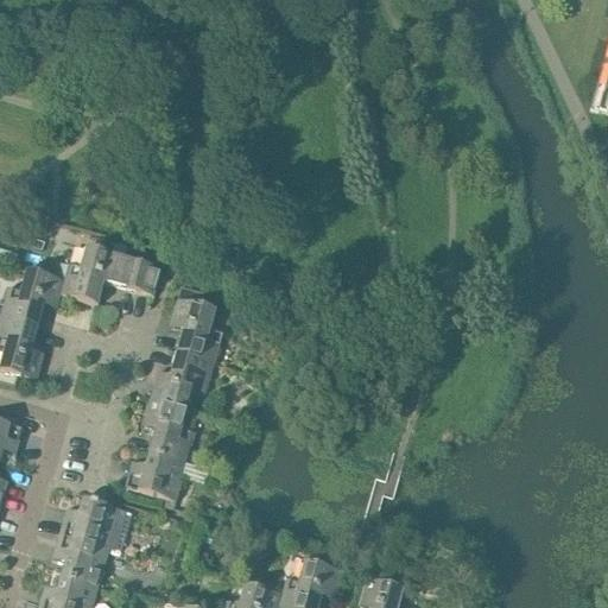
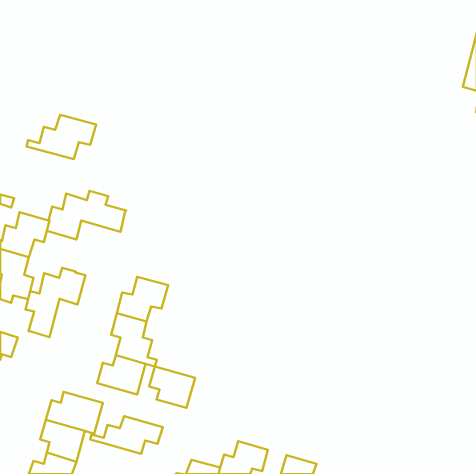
building: none -> [26,115,96,159]
building: [170,286,223,362] -> none
building: none -> [26,268,85,337]
building: none -> [149,366,195,408]
building: none -> [90,416,163,454]

